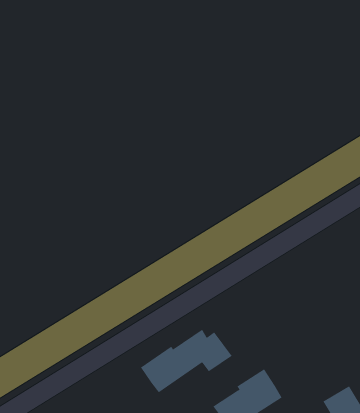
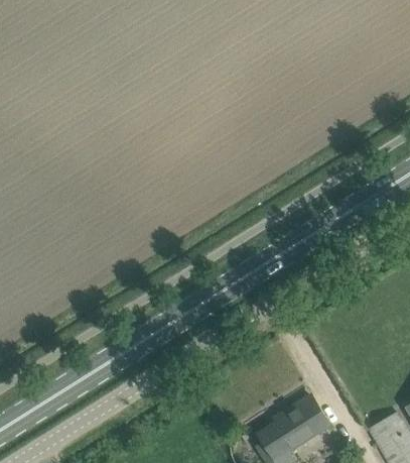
building: [140,329,233,393] -> none

